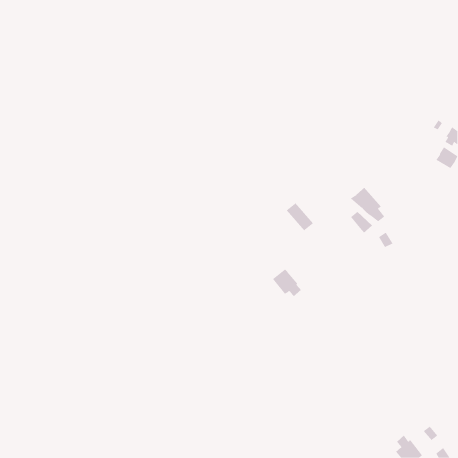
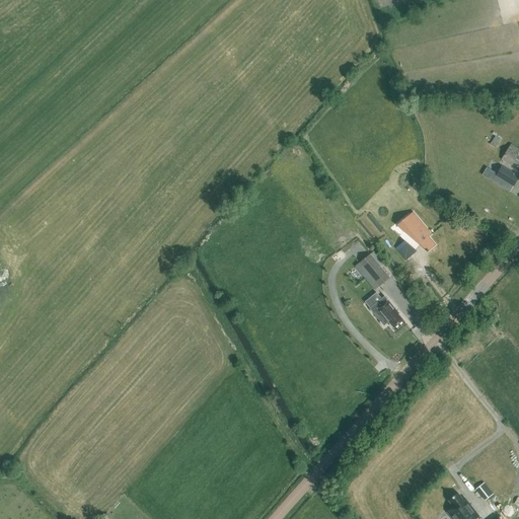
building: [286,203,314,231] -> [358,253,389,286]
building: [272,268,302,297] -> [368,294,401,326]

